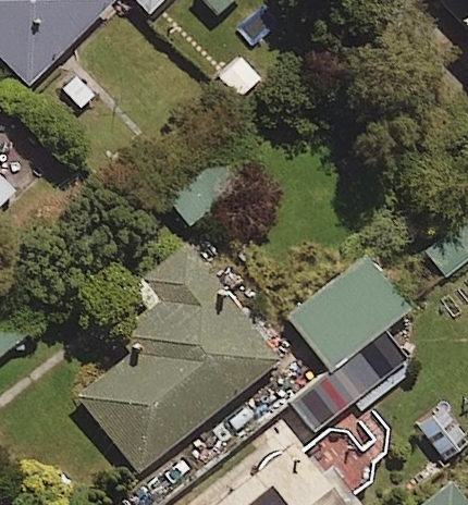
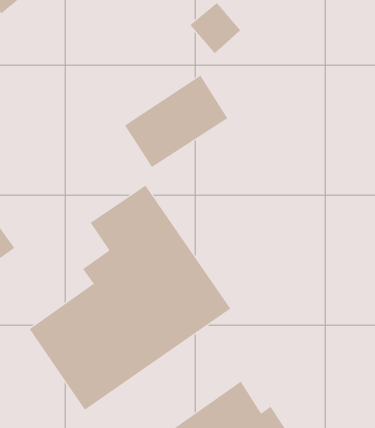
building: [287,254,409,439] -> none

